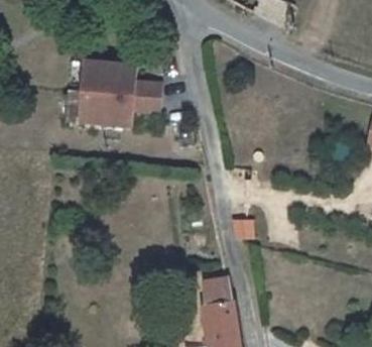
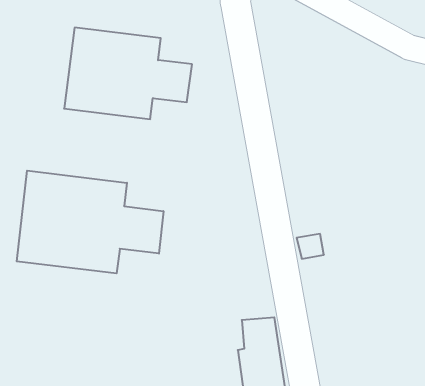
building: none -> [17,171,163,273]

